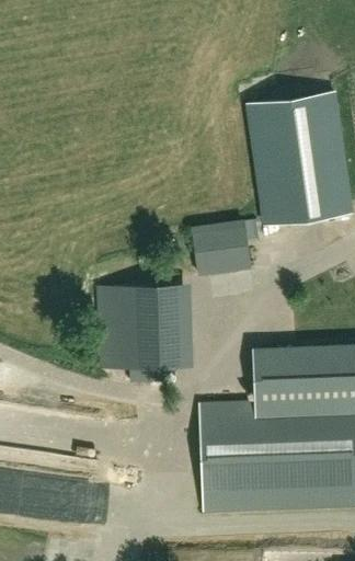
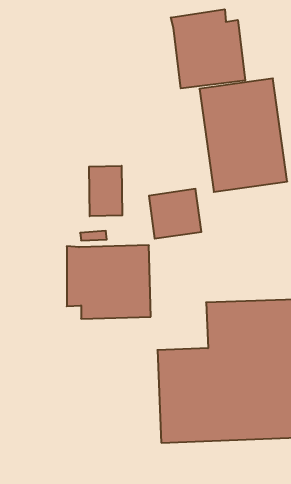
building: none -> [171,9,245,88]
building: none -> [89,166,122,216]

